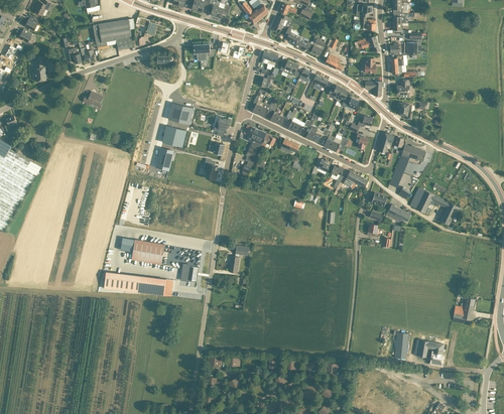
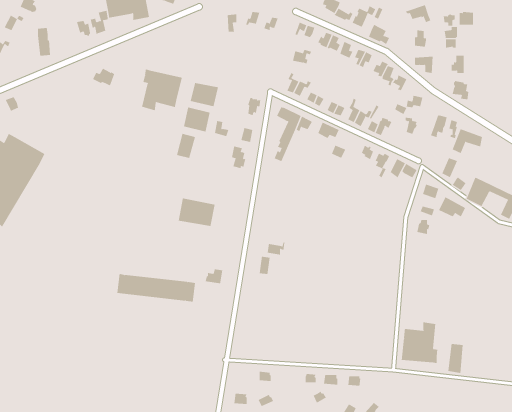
building: none -> [142,68,183,111]
building: [130,239,163,264] -> [178,198,216,226]
building: none -> [401,322,438,364]
building: [414,339,444,365] -> none

